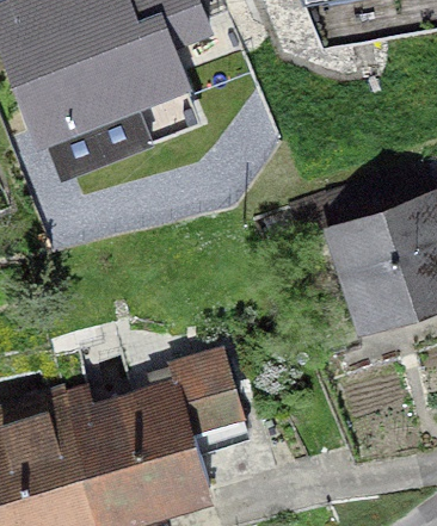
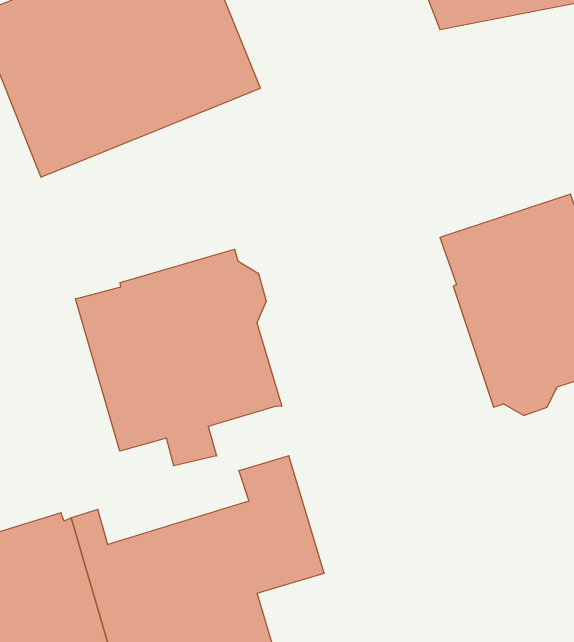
building: none -> [76,249,282,466]

